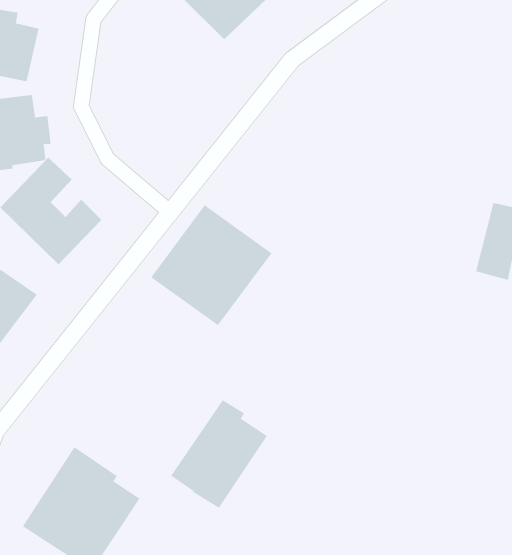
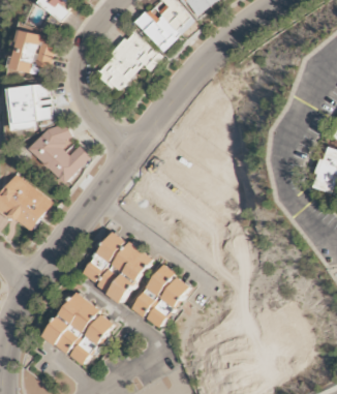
building: none -> [97,32,162,92]
building: [150,204,272,326] -> [81,231,153,303]

